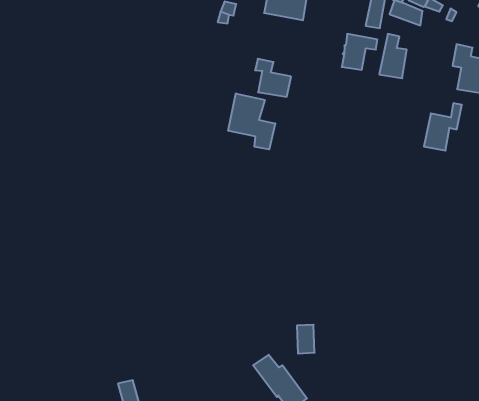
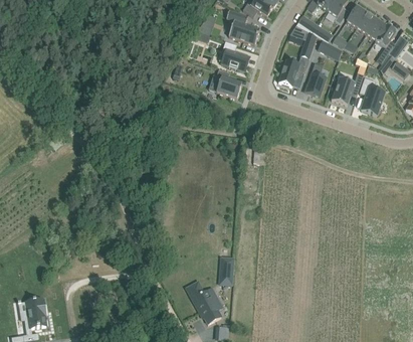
building: none -> [221,40,250,70]
building: [228,93,275,149] -> none
building: [424,103,462,151] -> [332,71,363,105]

